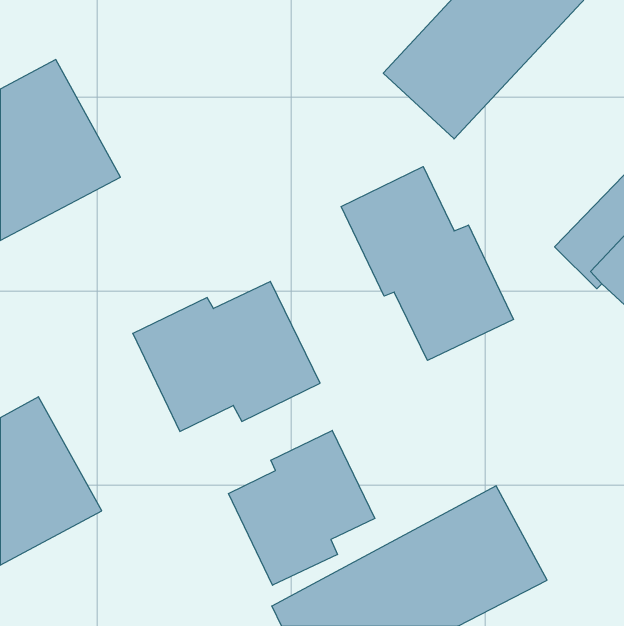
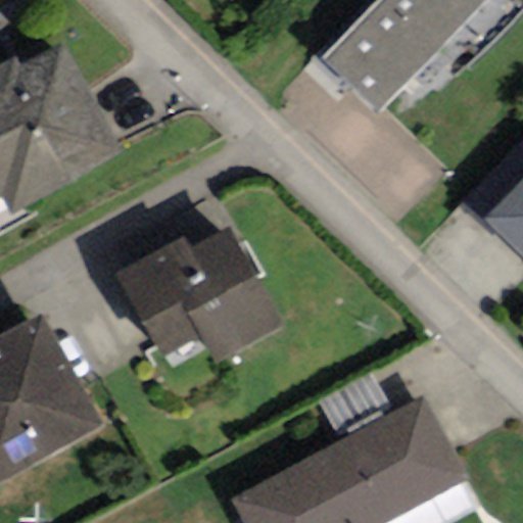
building: [341,167,514,360] -> none
building: [229,430,375,585] -> none

